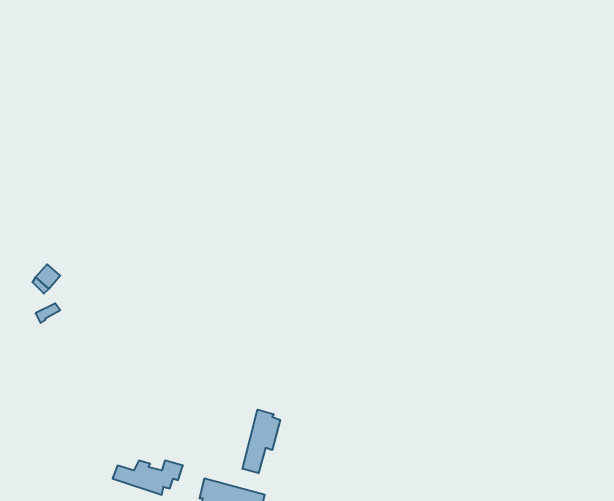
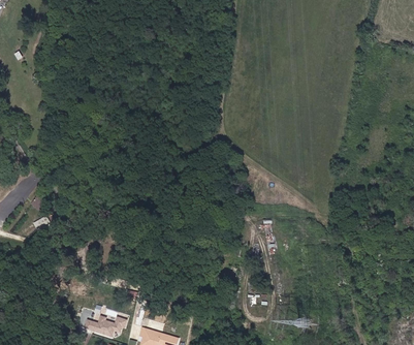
building: [242,410,280,473] -> none

